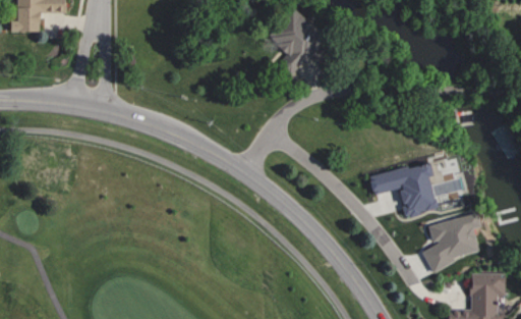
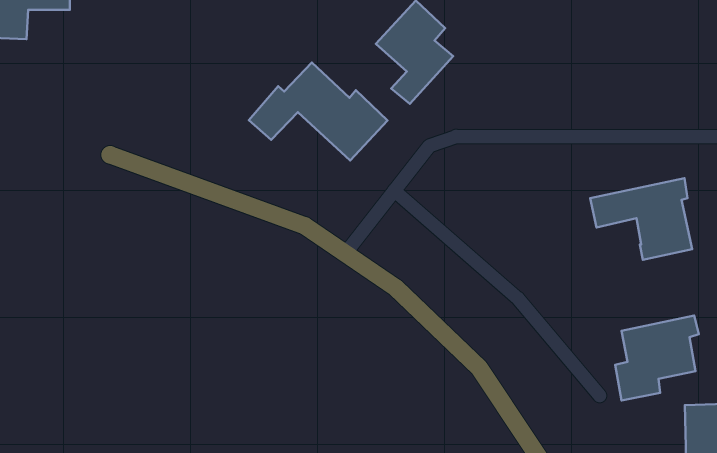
building: none -> [249,62,388,161]
building: [369,162,437,216] -> [590,178,692,260]

